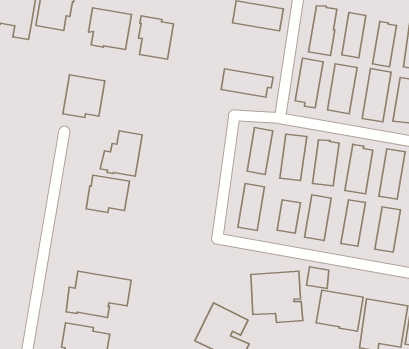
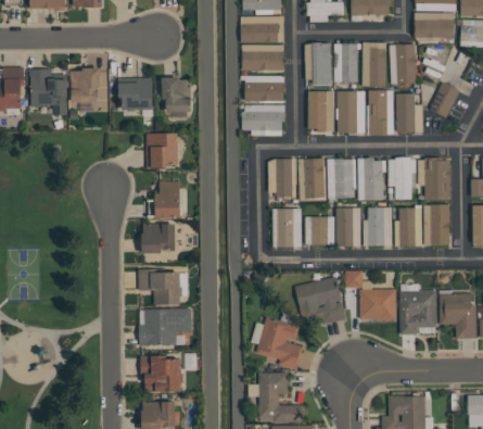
building: none -> [245,83,284,101]
building: [63,75,105,118] -> [147,134,178,168]
building: none -> [139,269,182,305]

